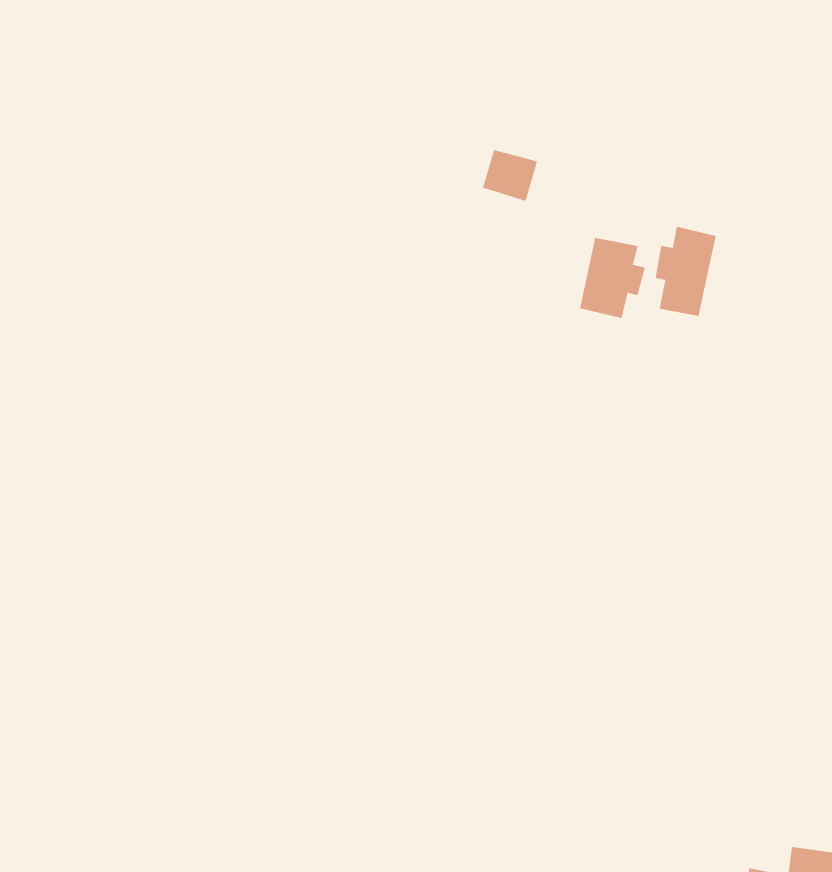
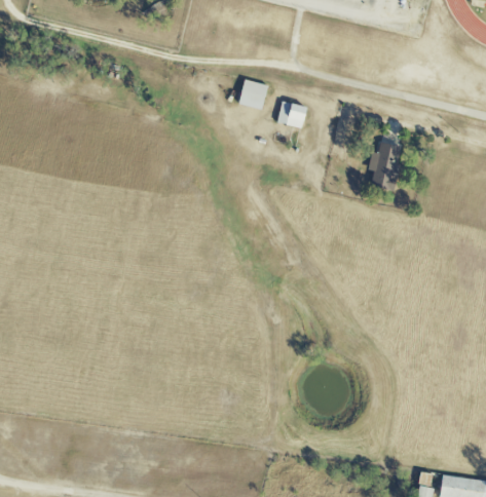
building: none -> [239,80,267,109]
building: [579,237,645,319] -> none

